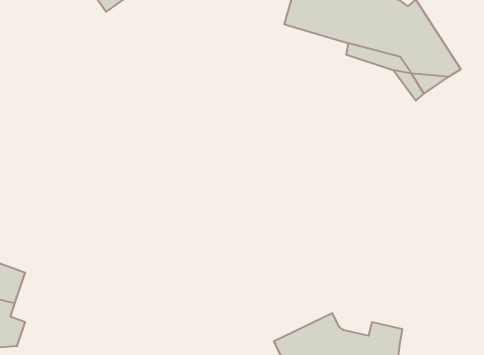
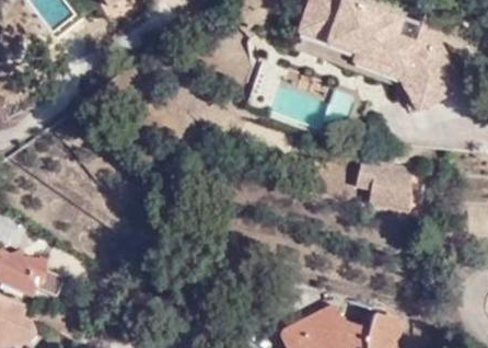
building: none -> [358,156,415,218]

